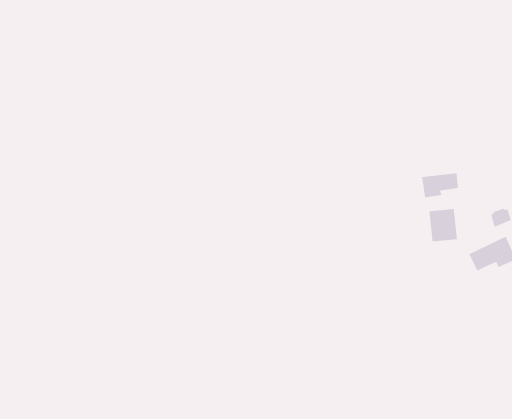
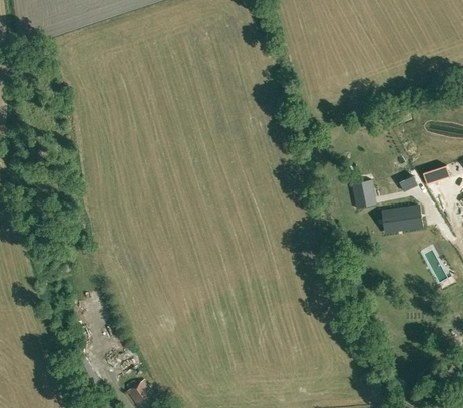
building: [421,173,459,198] -> none

